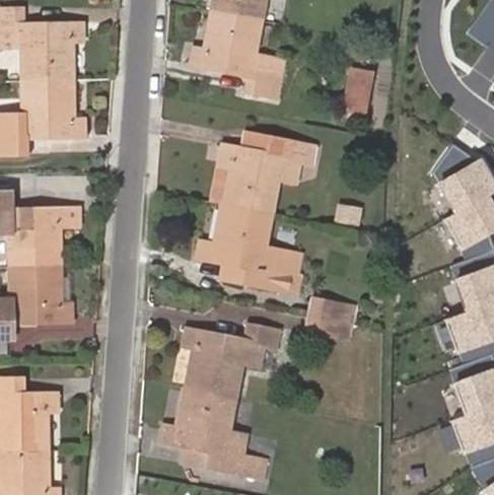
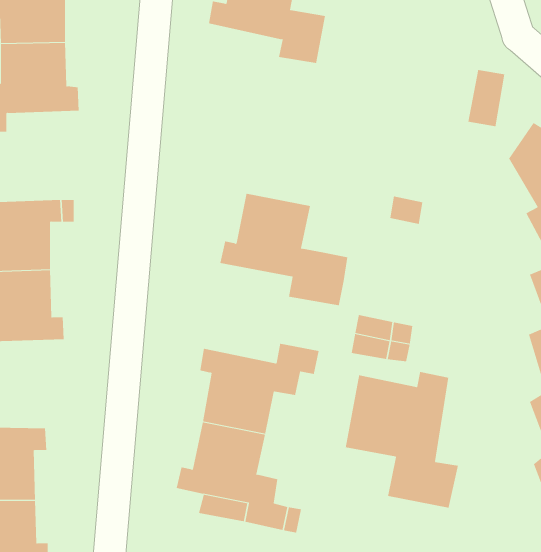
building: [345,66,375,113] -> [468,69,505,127]
building: [217,140,315,212] -> none
building: none -> [345,371,458,509]

